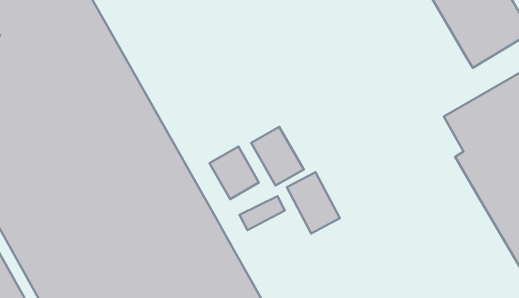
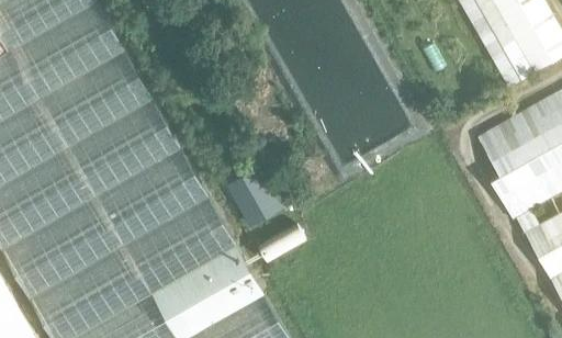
building: [251,127,304,185] -> none
building: [287,172,340,233] -> none

